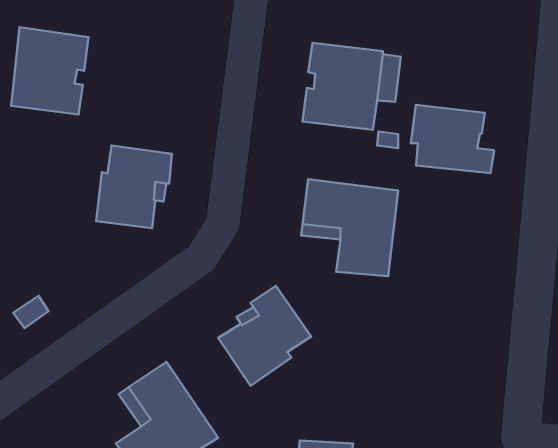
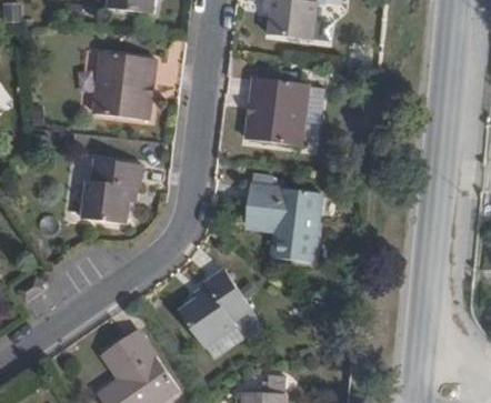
building: [11,27,88,114] -> [93,51,154,120]
building: [411,105,494,173] -> none

